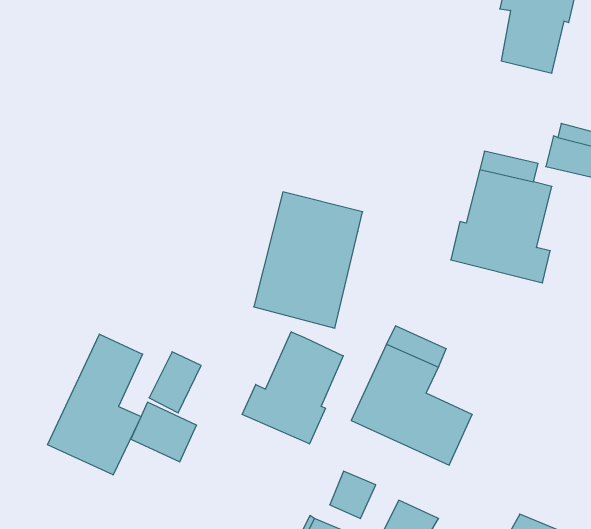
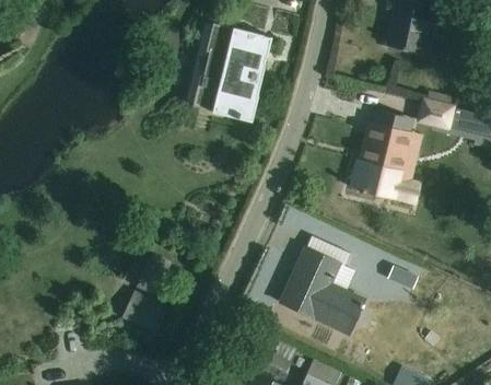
building: [254,192,363,328] -> [191,25,269,122]
building: [242,332,343,444] -> none
building: [48,334,143,475] -> none

